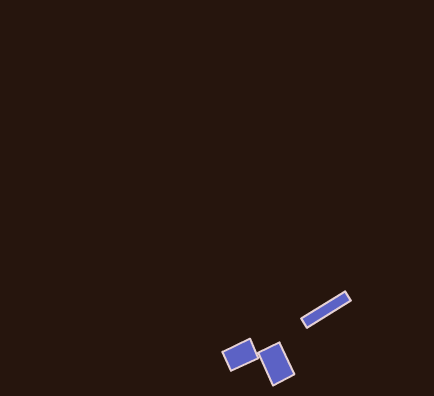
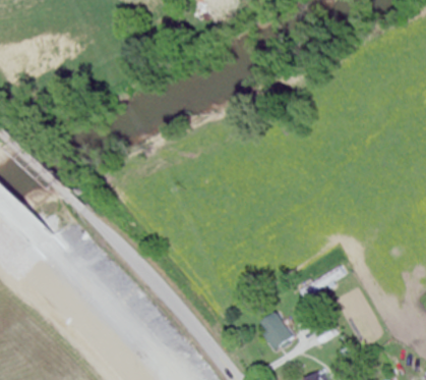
building: [222,339,258,371] -> none

